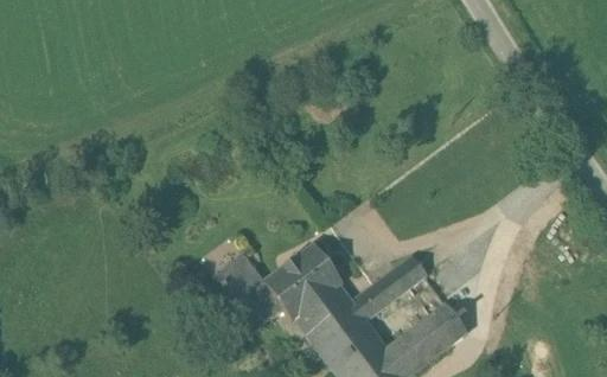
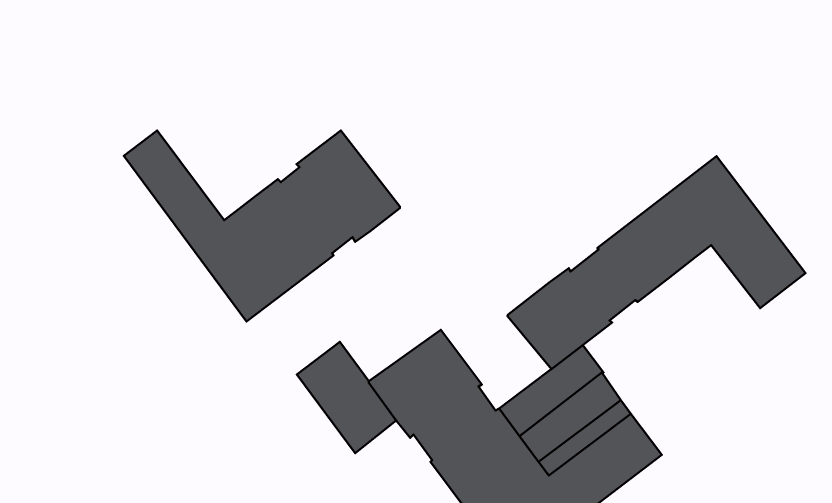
building: none -> [124,131,400,322]
building: none -> [508,156,806,369]

